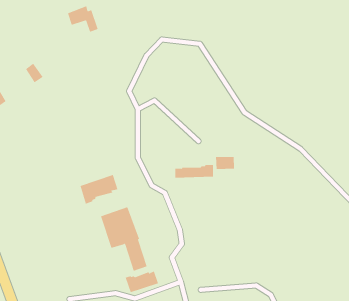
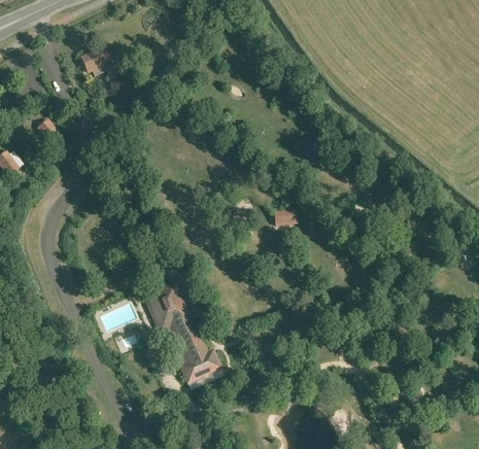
building: [175,164,213,178] -> none
building: [80,174,119,204] -> none

